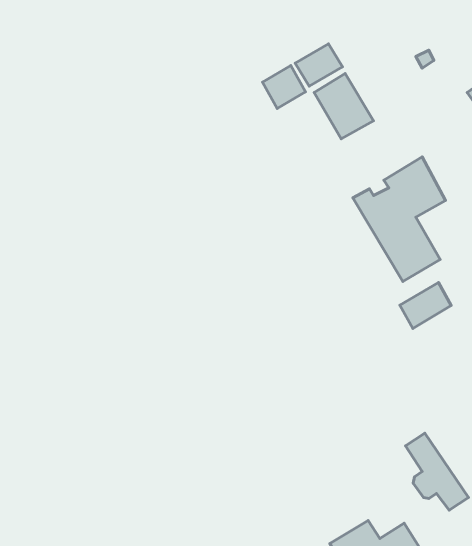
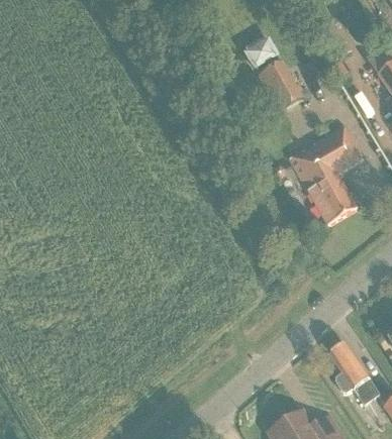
building: [262,66,305,108] -> none
building: [400,283,451,328] -> none

